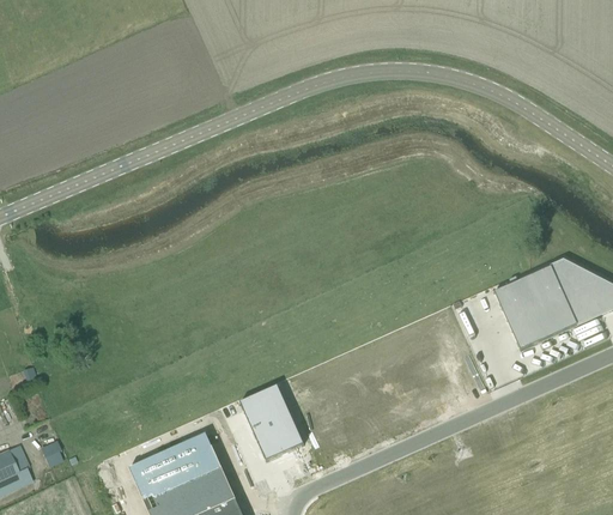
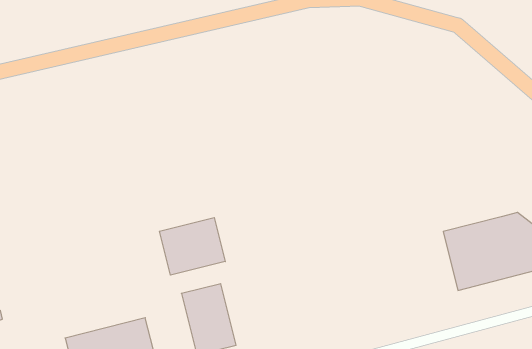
building: none -> [159,218,225,275]

